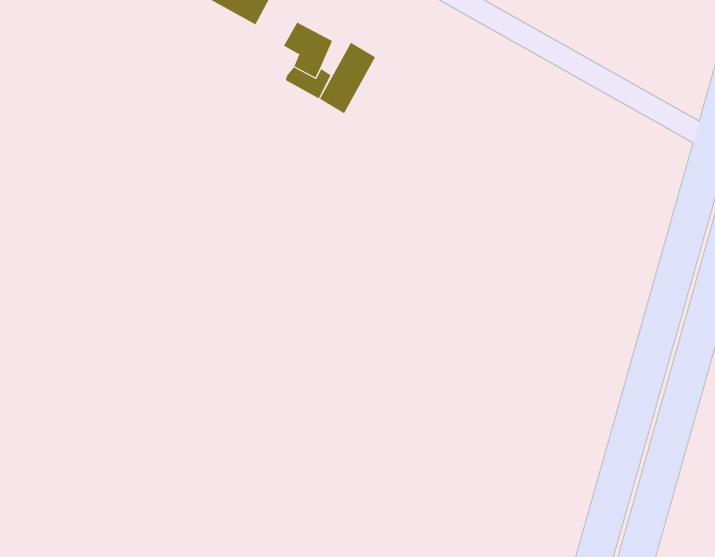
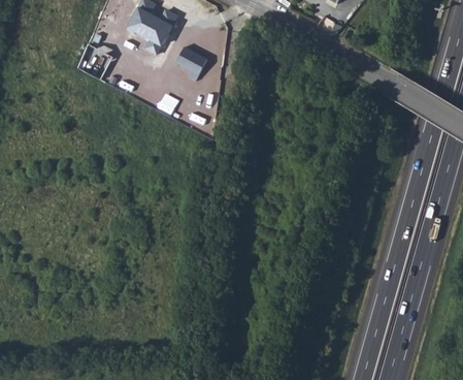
building: [319,42,376,114] -> none

